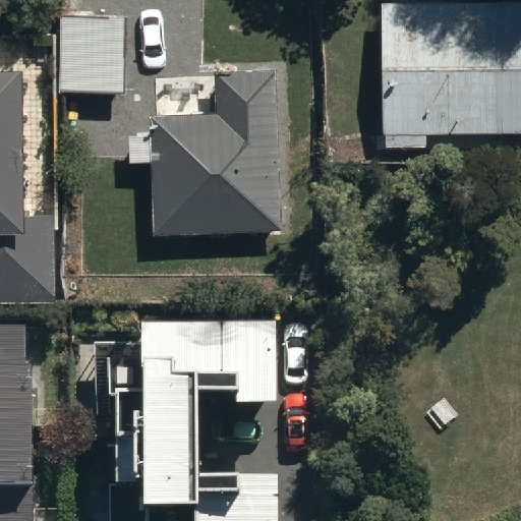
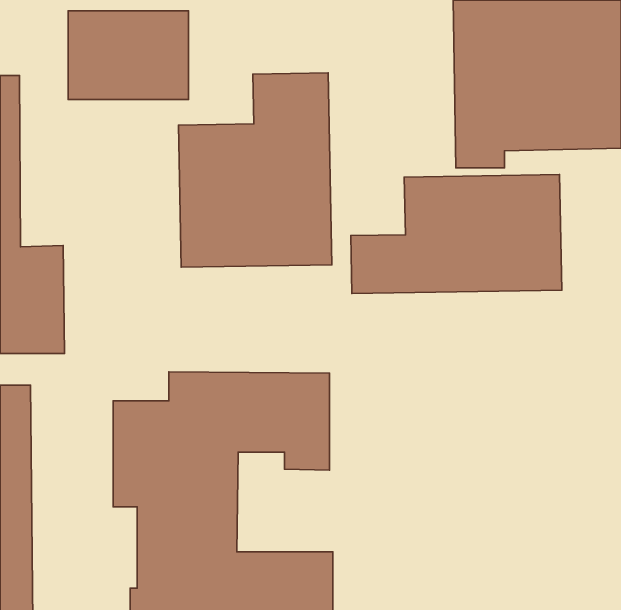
building: none -> [351,174,562,293]

